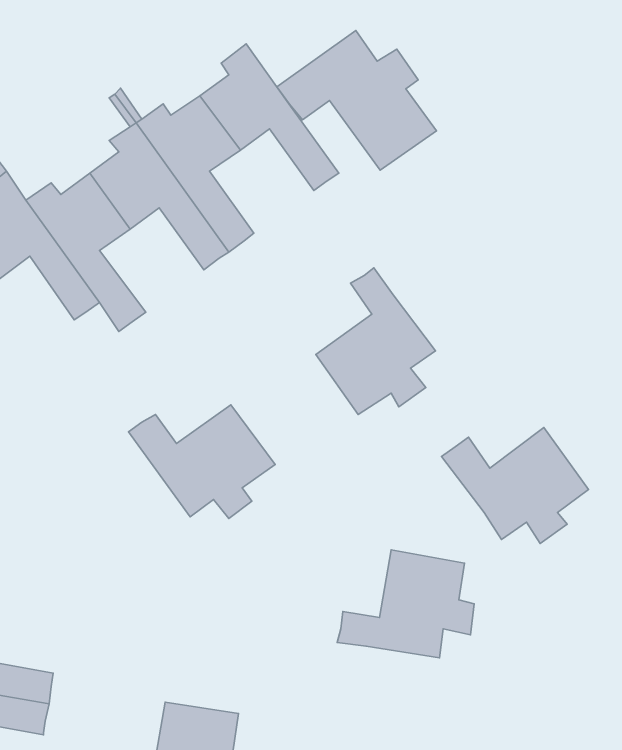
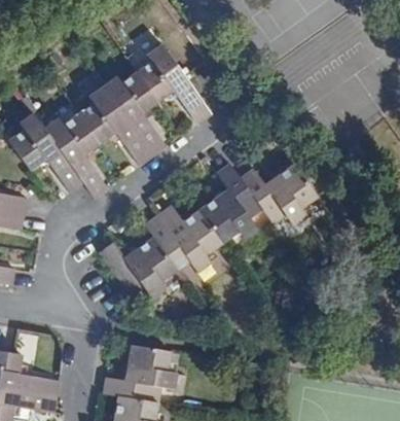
building: [277,30,437,170] -> none
building: none -> [143,205,220,271]
building: [442,428,588,543] -> [239,163,317,224]
building: [337,550,474,658] -> [102,344,175,401]

